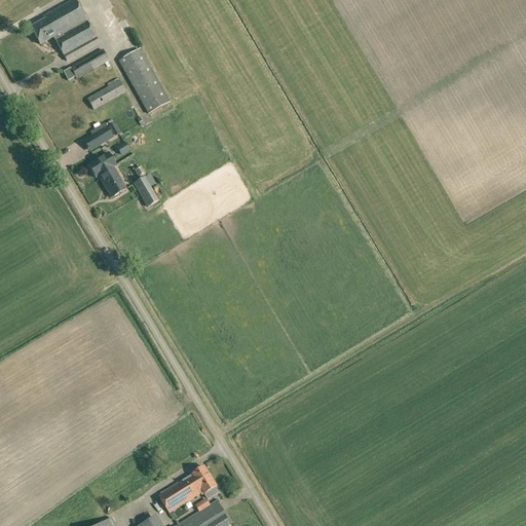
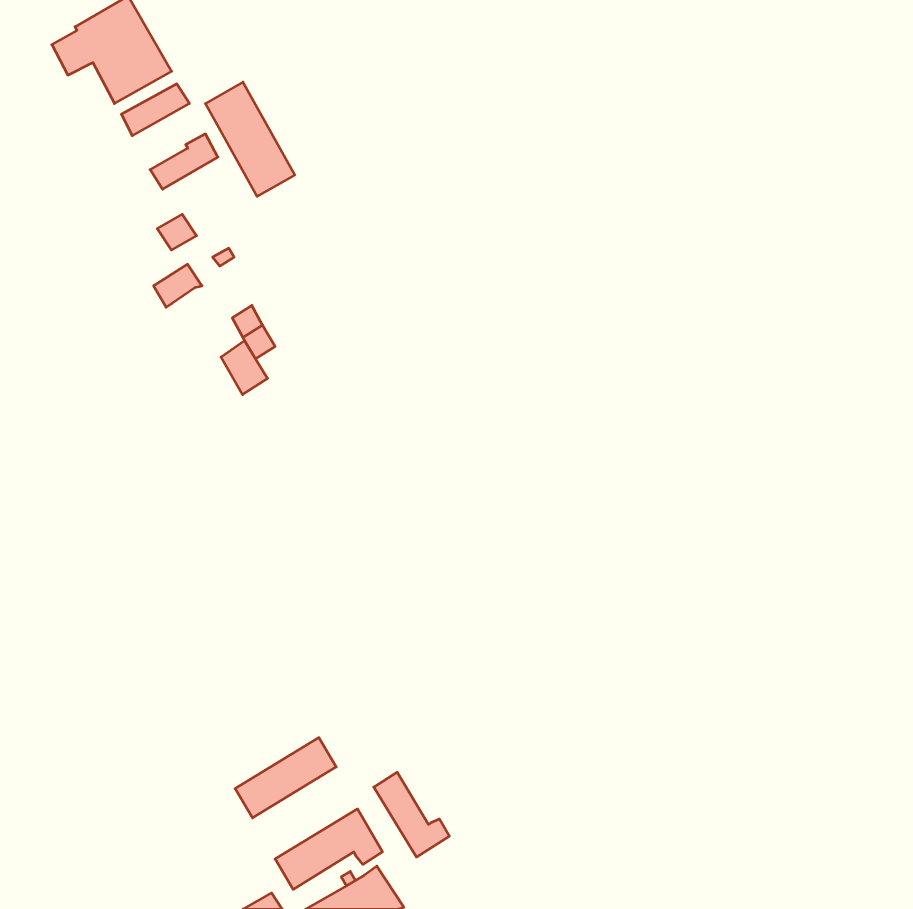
building: [99,165,125,196] -> [221,341,268,395]
building: none -> [235,738,336,818]
building: none -> [374,772,449,857]

